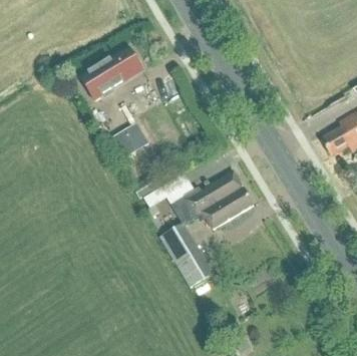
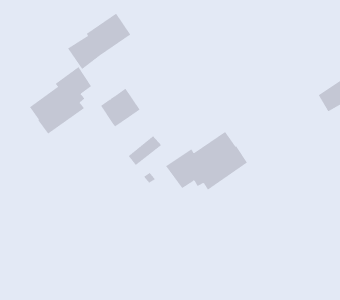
building: none -> [29,66,92,134]
building: [159,222,215,287] -> none

